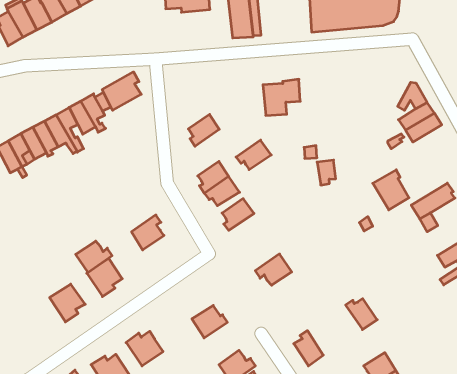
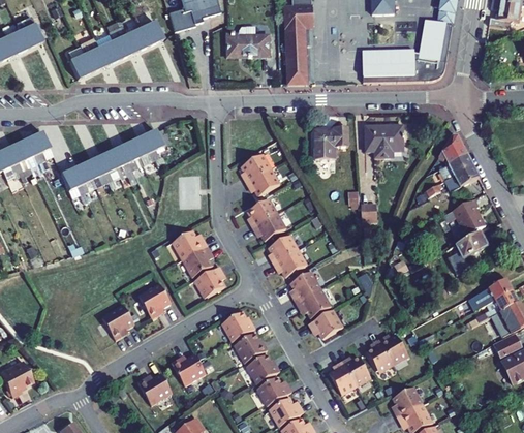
building: [102,72,141,110] -> none
building: none -> [364,125,402,158]
building: [236,140,271,170] -> [246,168,279,195]
building: [373,170,409,210] -> [452,198,485,236]
building: none -> [273,249,306,277]
building: none -> [289,271,319,303]
building: none -> [193,266,224,298]
building: [76,241,112,273] -> [172,230,206,259]
building: none -> [308,309,342,338]
building: none -> [221,311,254,341]
building: none -> [366,340,393,372]
building: none -> [341,357,370,385]
building: none -> [246,353,279,383]

